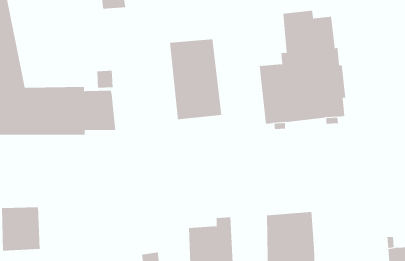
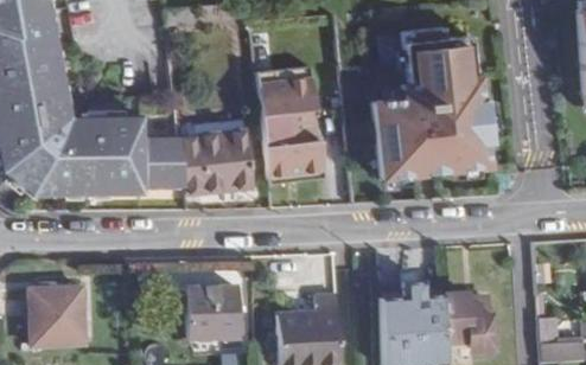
building: none -> [178,128,253,196]
building: none -> [184,284,238,338]
building: none -> [441,290,495,351]

